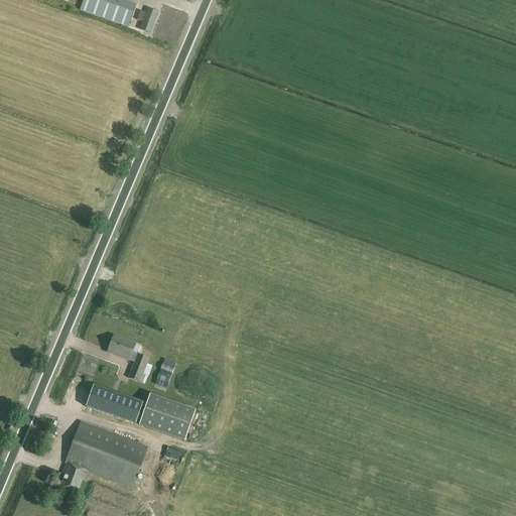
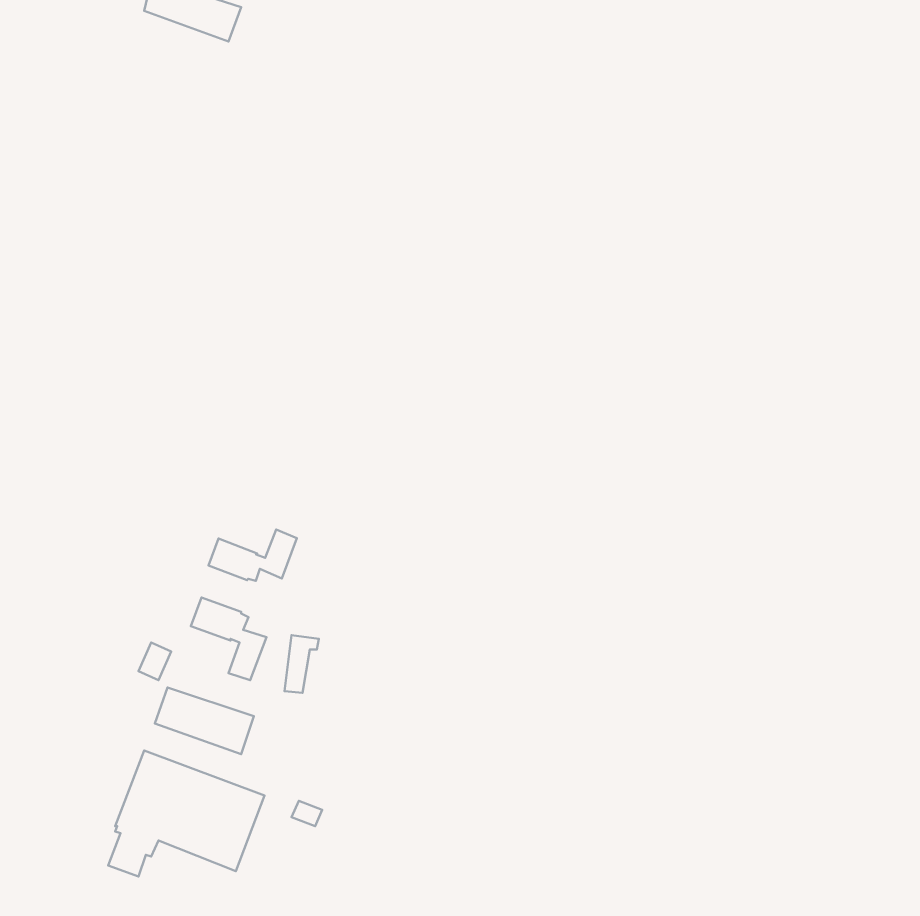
building: none -> [209,530,297,581]
building: [139,393,195,439] -> none

